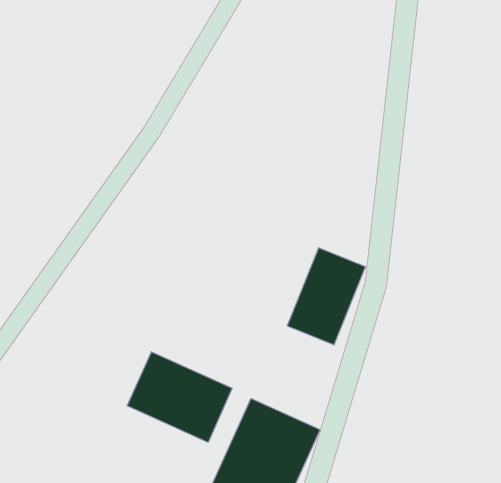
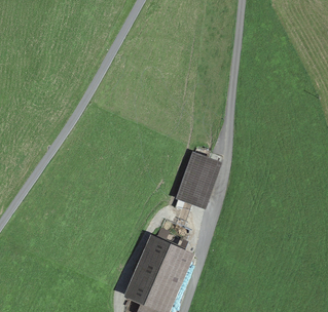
building: [127,352,232,442] -> none

